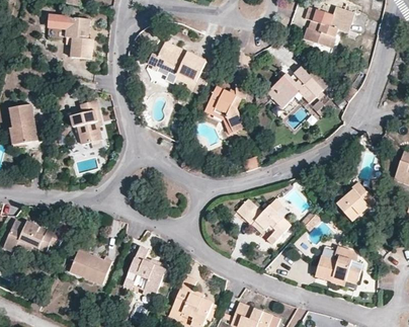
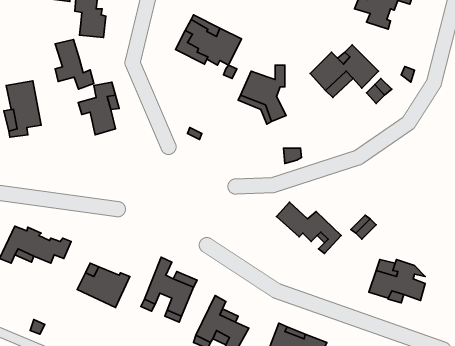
building: none -> [55,39,94,89]
building: [336,180,376,220] -> none

